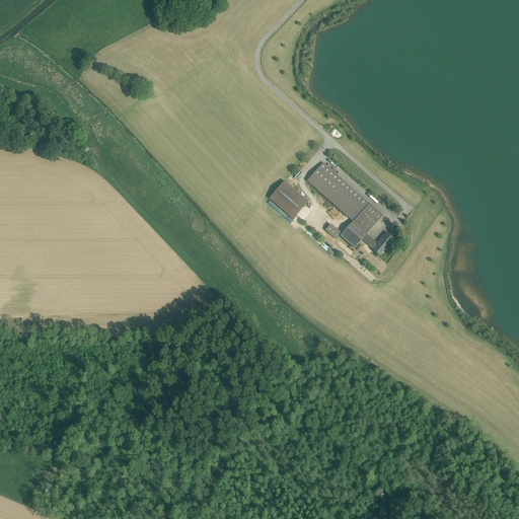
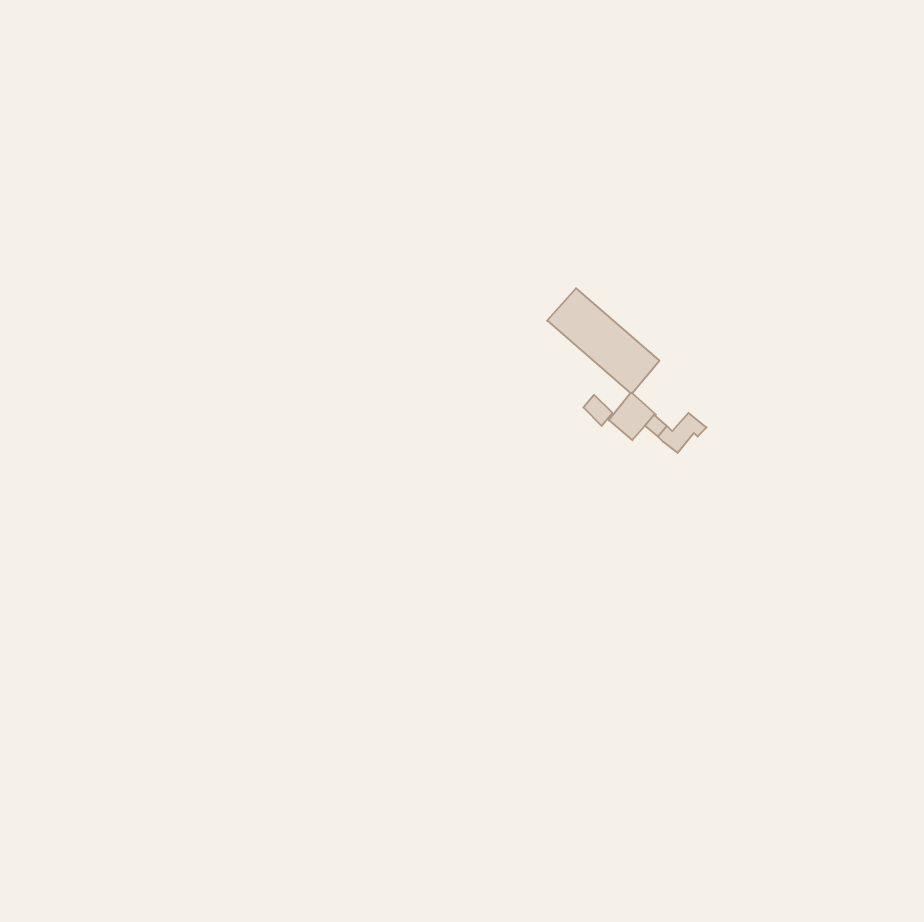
building: [270,179,310,218] -> none
building: [354,202,381,230] -> none

